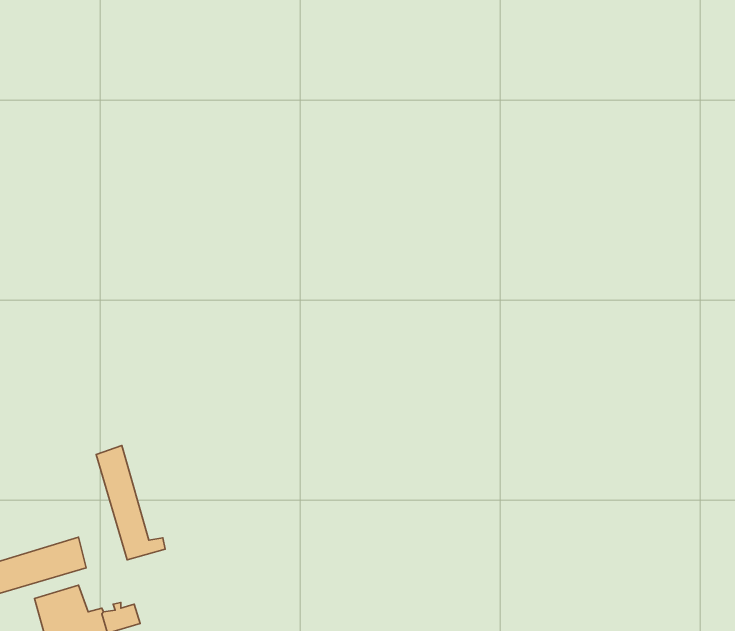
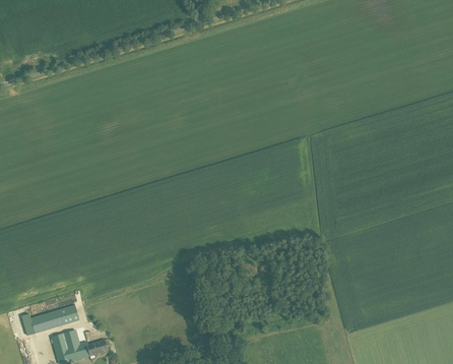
building: [96,445,165,560] -> none

